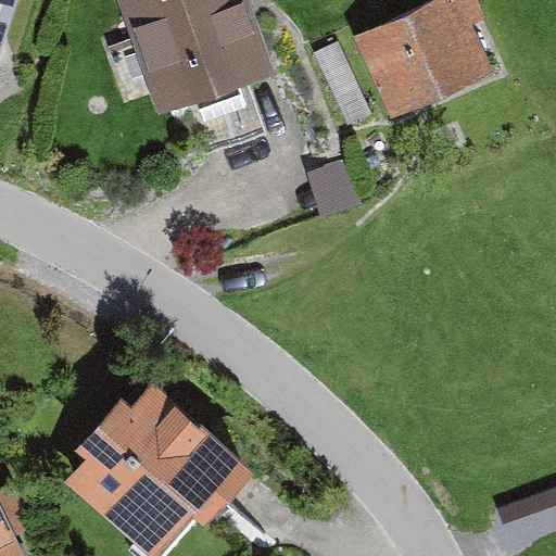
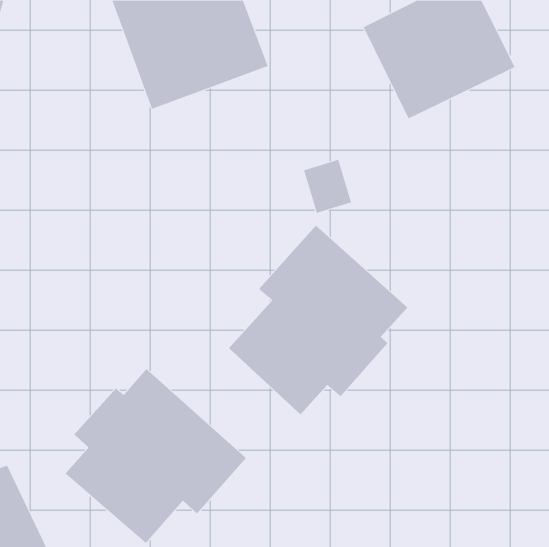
building: none -> [228,225,408,415]

